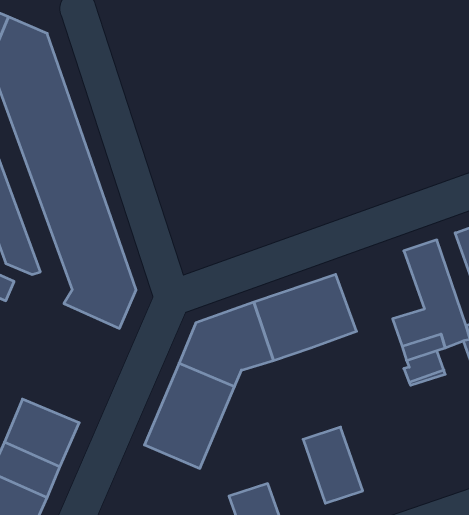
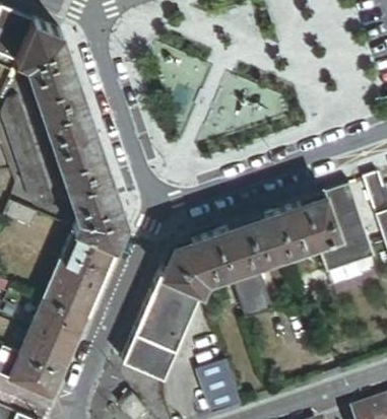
building: none -> [274,189,339,248]
building: none -> [45,227,116,315]
building: [303,427,363,503] -> [229,260,272,316]
building: none -> [122,331,175,376]

